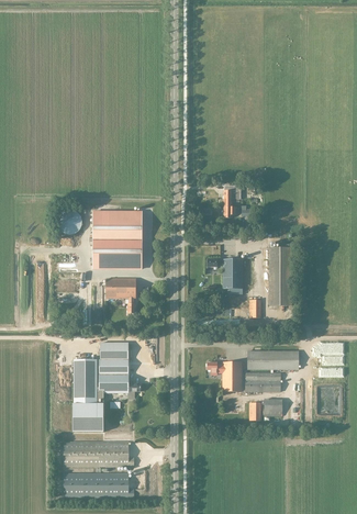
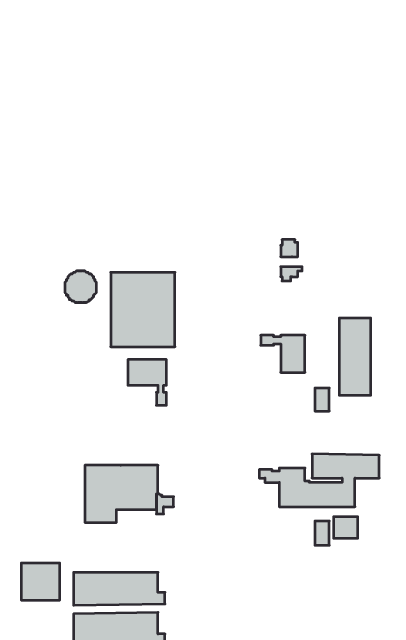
building: [100,343,129,359] -> none
building: [72,403,102,432] -> [21,563,60,600]

